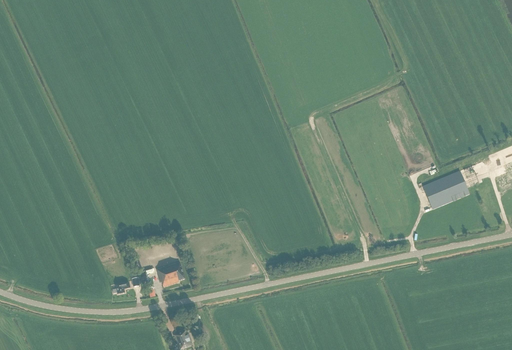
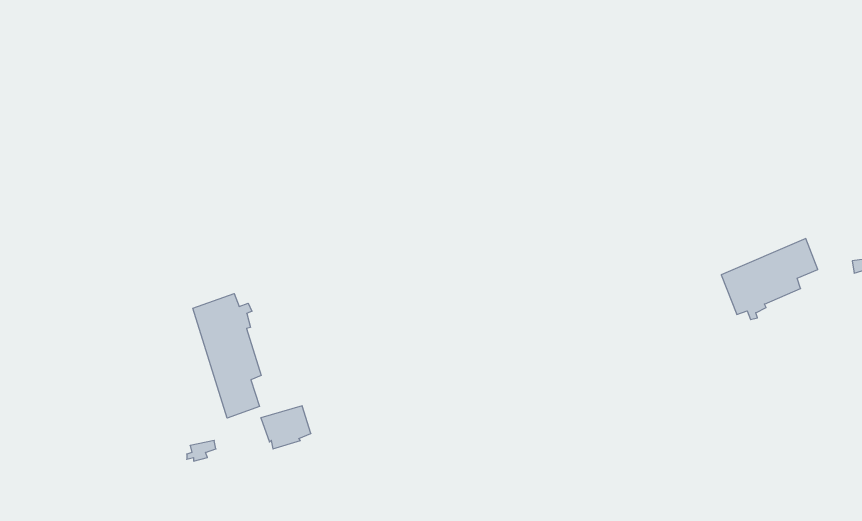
building: none -> [193,294,261,418]

